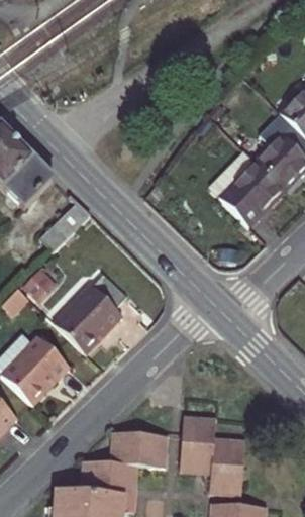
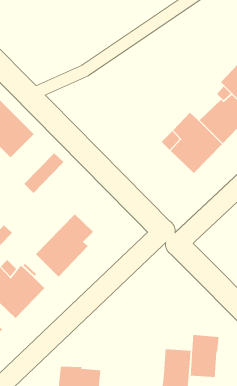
building: [180,416,216,470] -> [190,334,220,378]
building: [112,430,166,467] -> none

